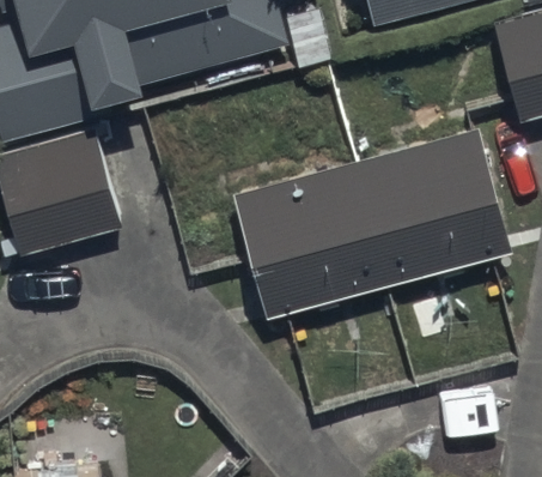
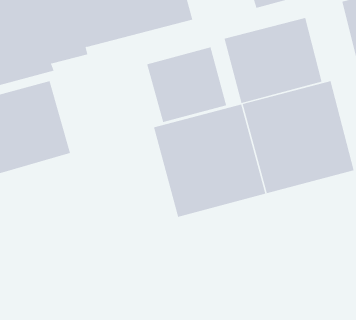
building: none -> [224,17,322,104]
building: none -> [146,46,227,123]

